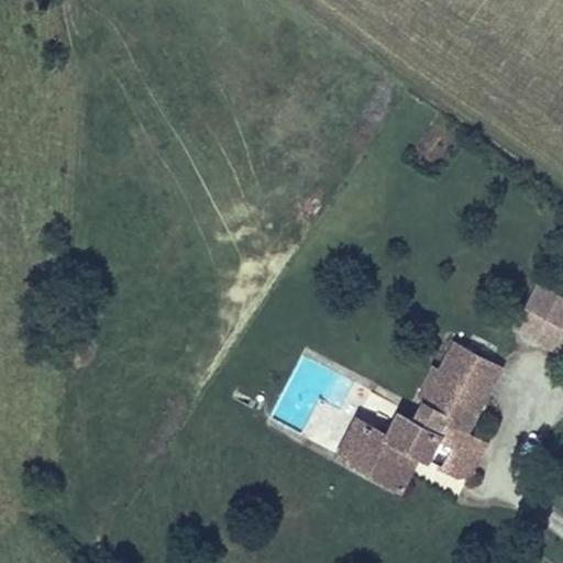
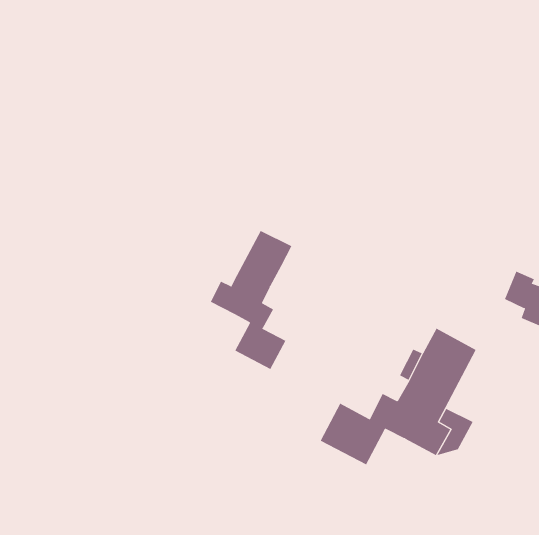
building: none -> [210,230,292,370]
building: [383,446,422,494] -> none

